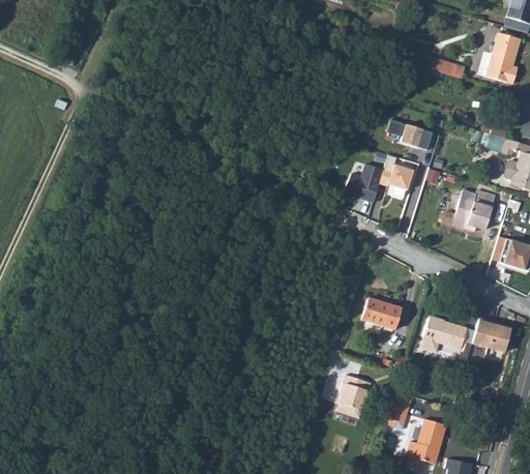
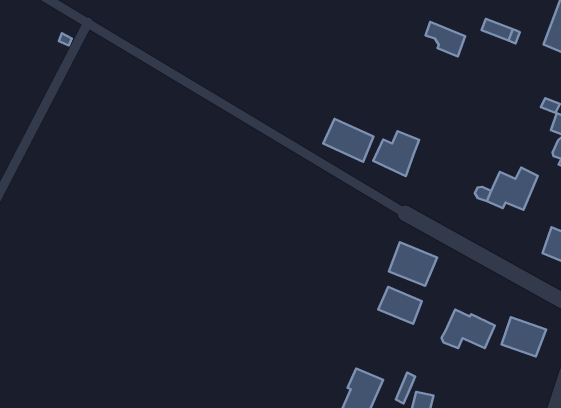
building: [389,119,424,148] -> [426,22,465,57]
building: none -> [323,119,374,162]
building: [381,164,414,190] -> none
building: none -> [389,242,437,286]

